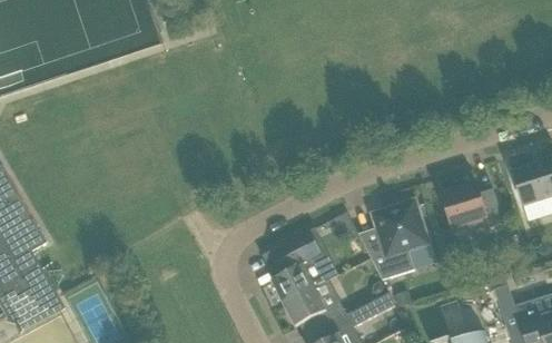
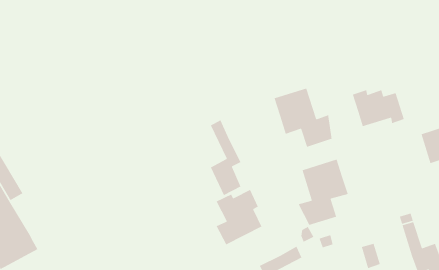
building: none -> [274,87,332,148]
building: none -> [210,119,242,196]
building: [441,185,503,229] -> [352,89,405,127]
building: [284,280,347,325] -> none

